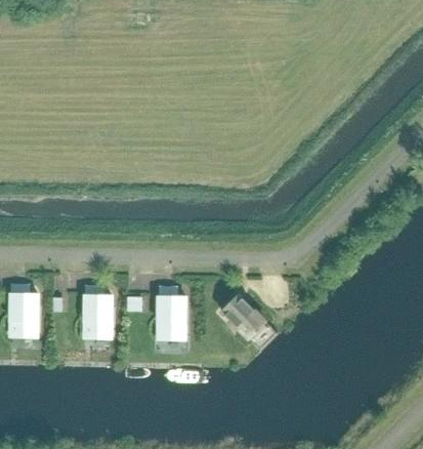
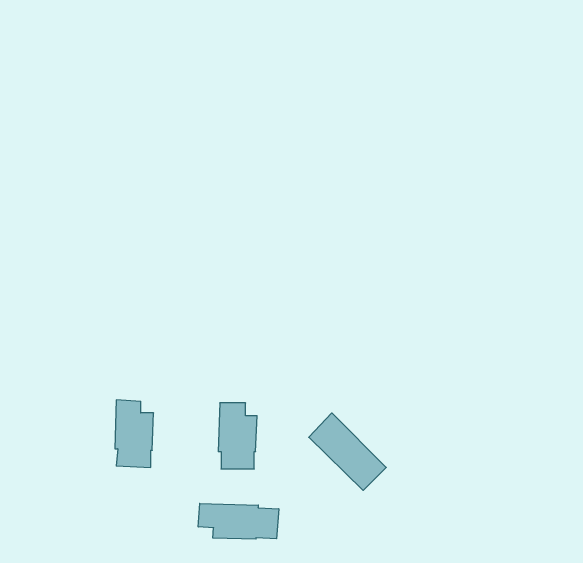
building: [10,285,38,333] -> none
building: none -> [198,503,279,539]

